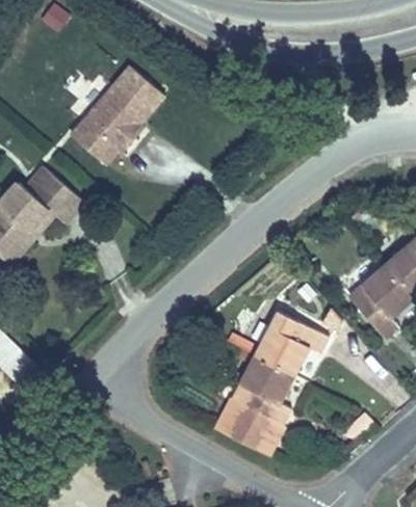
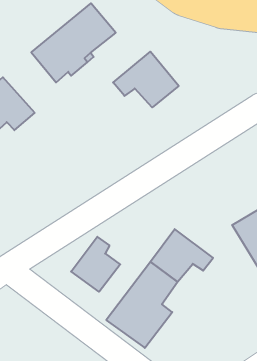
building: none -> [113,52,179,107]
building: none -> [71,237,120,292]

